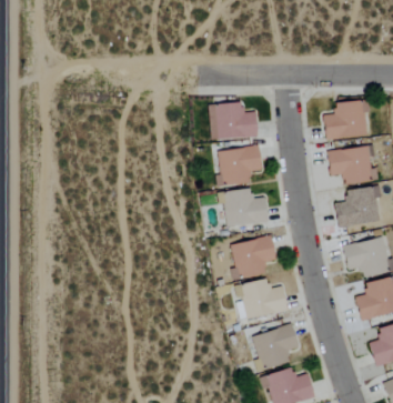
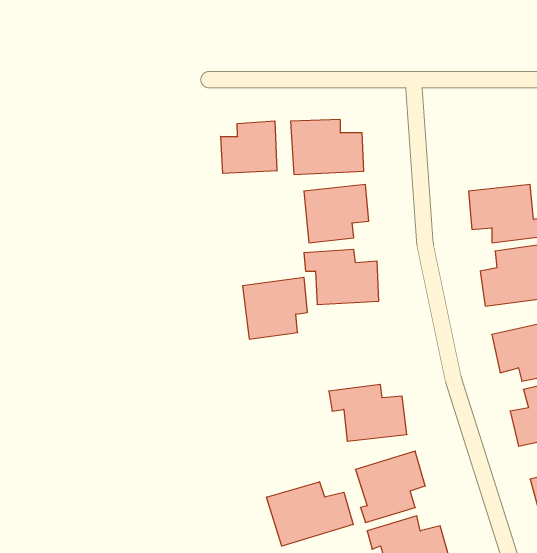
building: [323,101,366,140] -> none
building: none -> [221,121,277,173]
building: [231,238,274,279] -> [243,277,307,339]
building: none -> [267,482,353,546]

